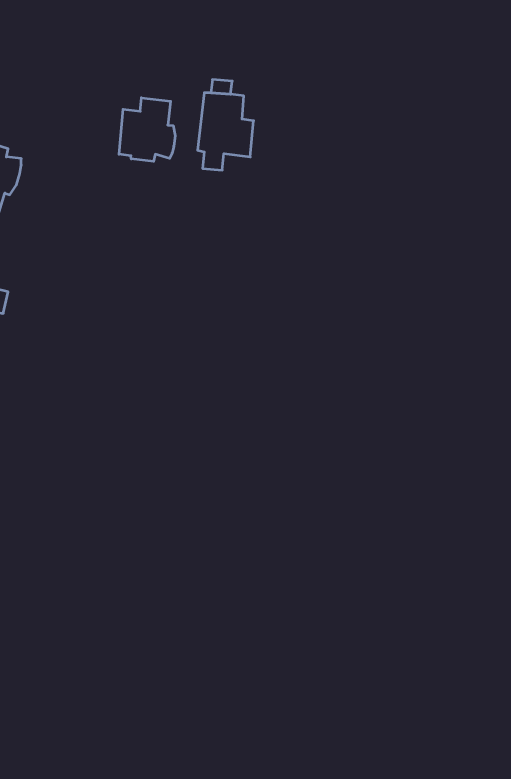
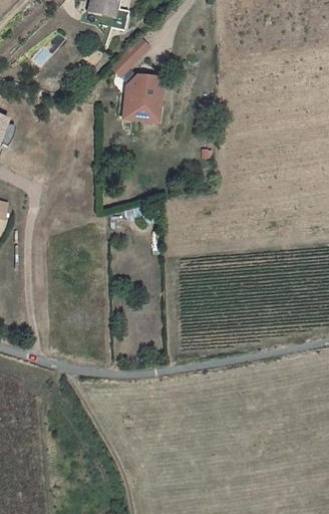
building: [119,98,175,161] -> none

